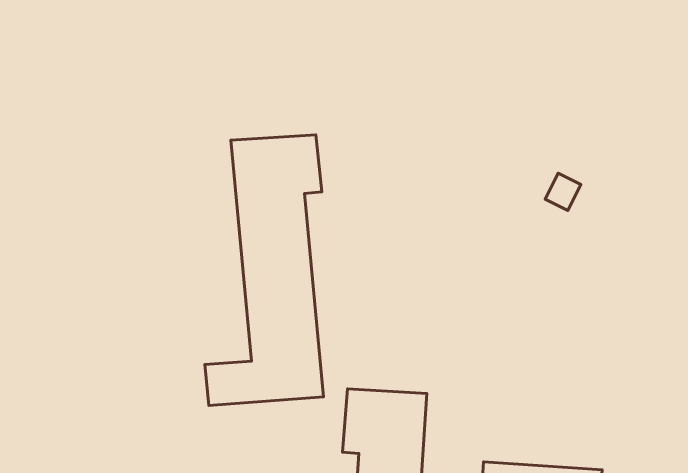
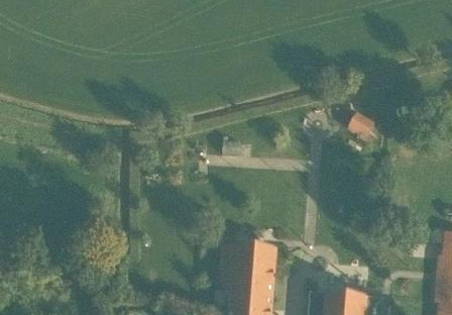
building: [205,135,323,406] -> none

